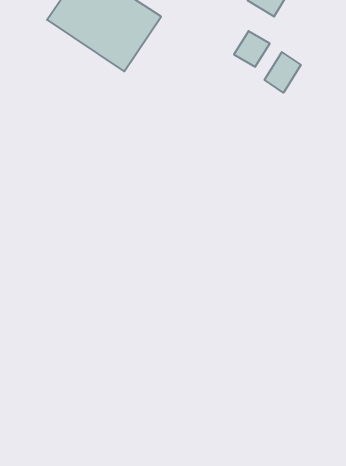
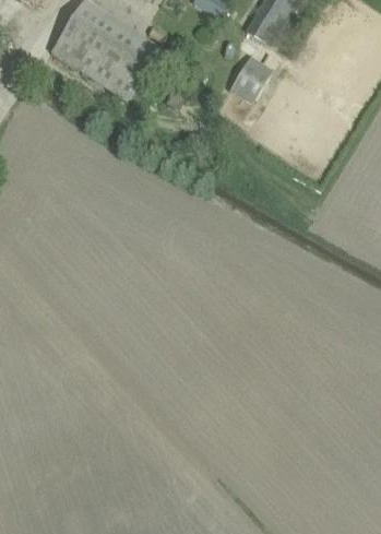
building: [265,52,301,93] -> none

